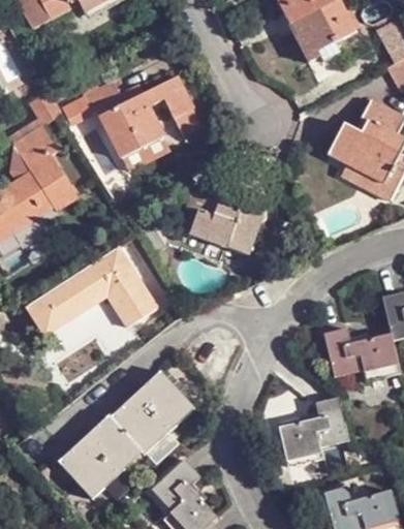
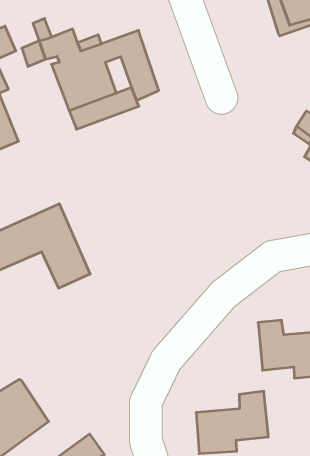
building: [188,189,271,254] -> none
building: [108,374,191,459] -> none

